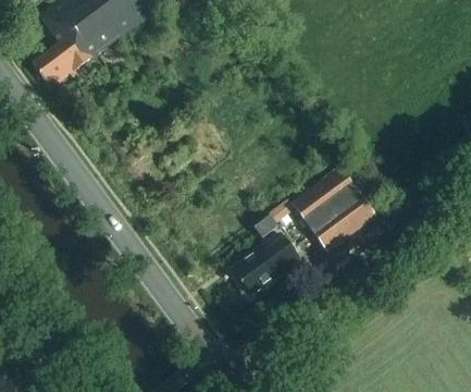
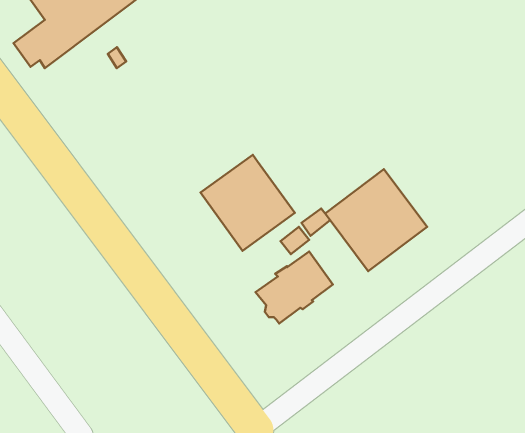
building: none -> [200,155,295,251]

